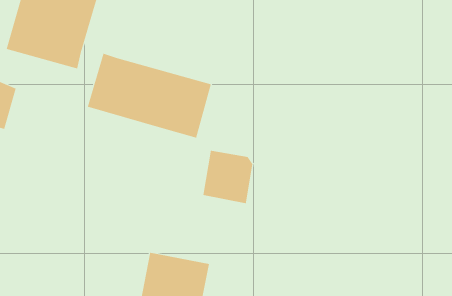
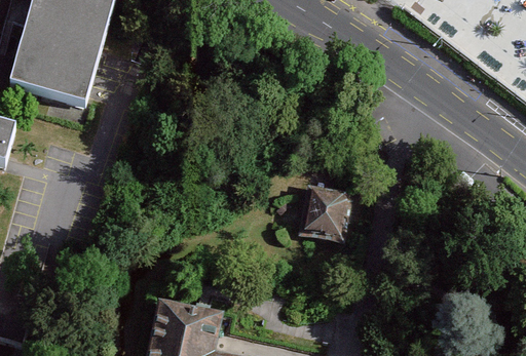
building: [87,53,212,139] -> none
building: [202,150,253,204] -> [301,184,355,241]

